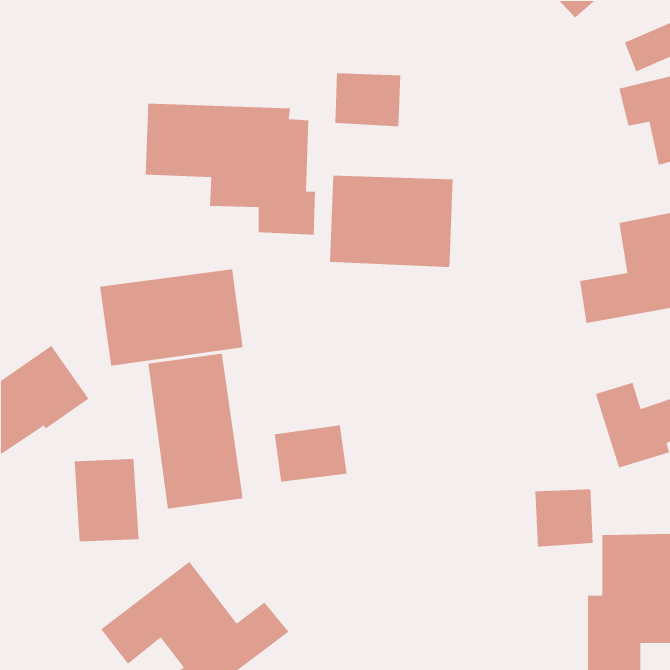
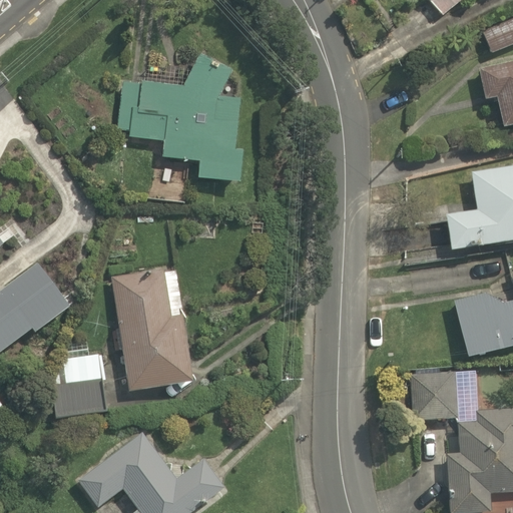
building: [334,73,401,127] -> none
building: [329,175,453,268] -> none
building: [99,269,243,367] -> none
building: [274,424,348,482] -> none

